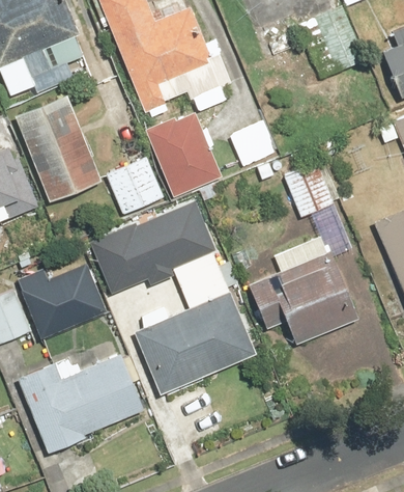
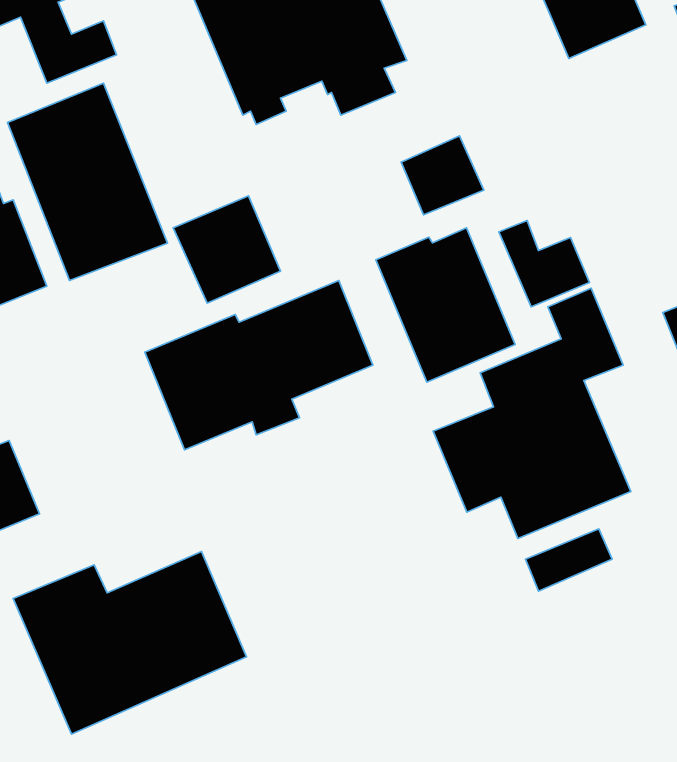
building: [145,112,222,197] -> [376,228,515,382]
building: [114,252,257,394] -> none
building: [16,263,107,339] -> none

